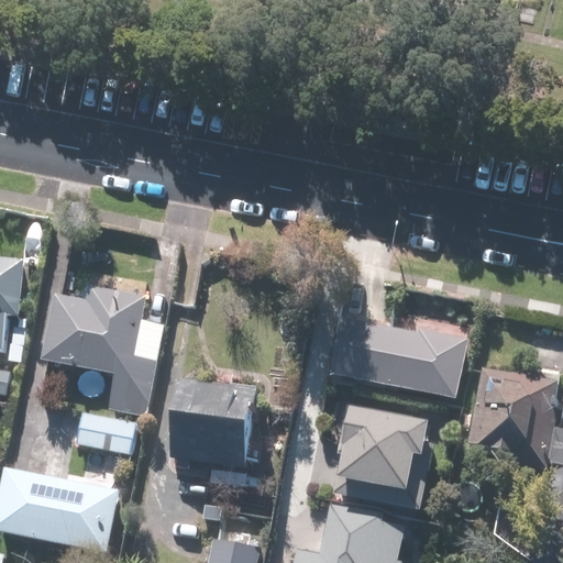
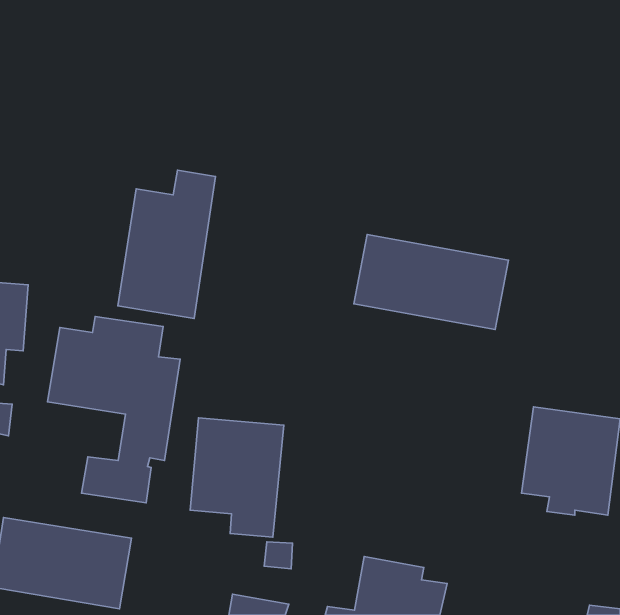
building: none -> [118,170,216,318]
building: [328,313,467,399] -> [354,234,509,329]
building: [332,408,430,493] -> none

